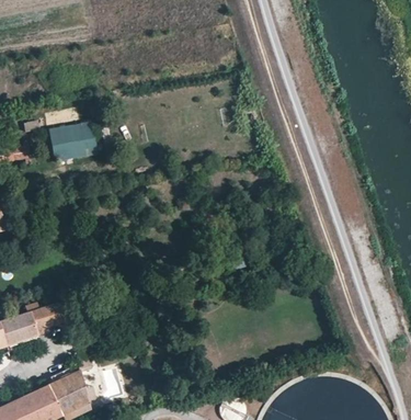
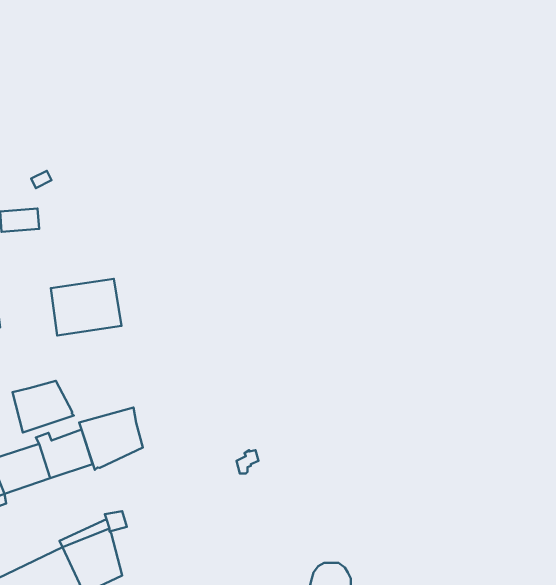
building: [49,123,99,162] -> [51,279,122,335]
building: none -> [13,381,74,432]
building: none -> [79,407,143,470]

